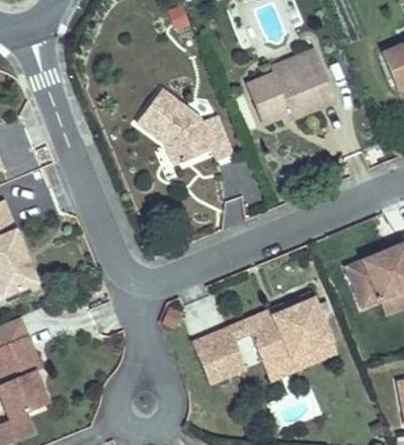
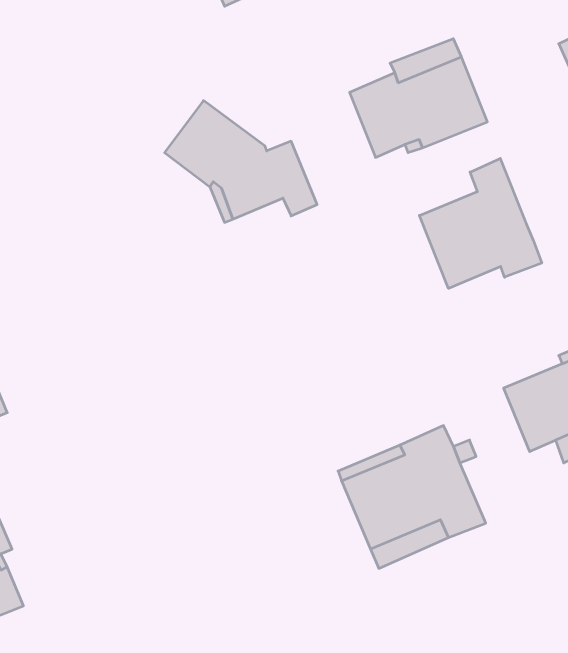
building: none -> [419,158,542,288]
building: [195,333,246,383] -> none

